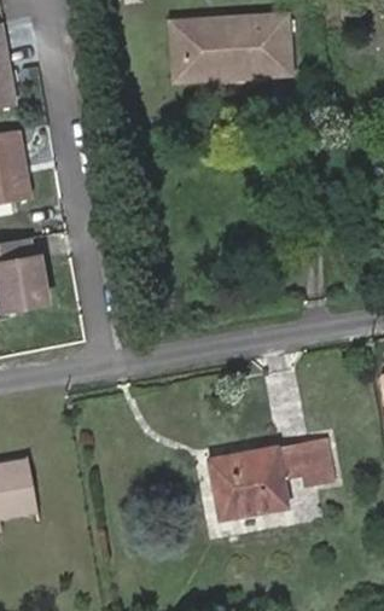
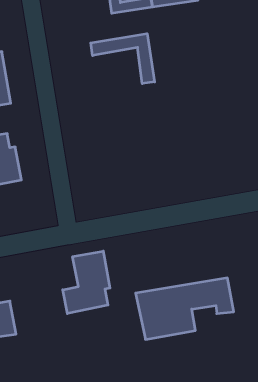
building: none -> [91,34,155,84]
building: none -> [63,251,110,314]

